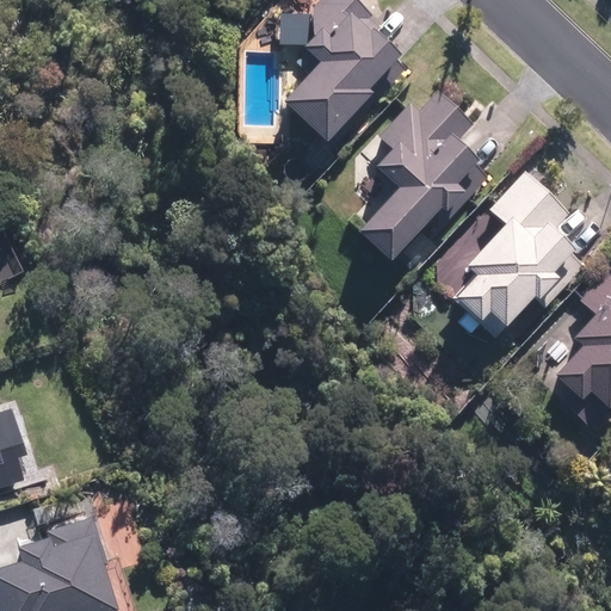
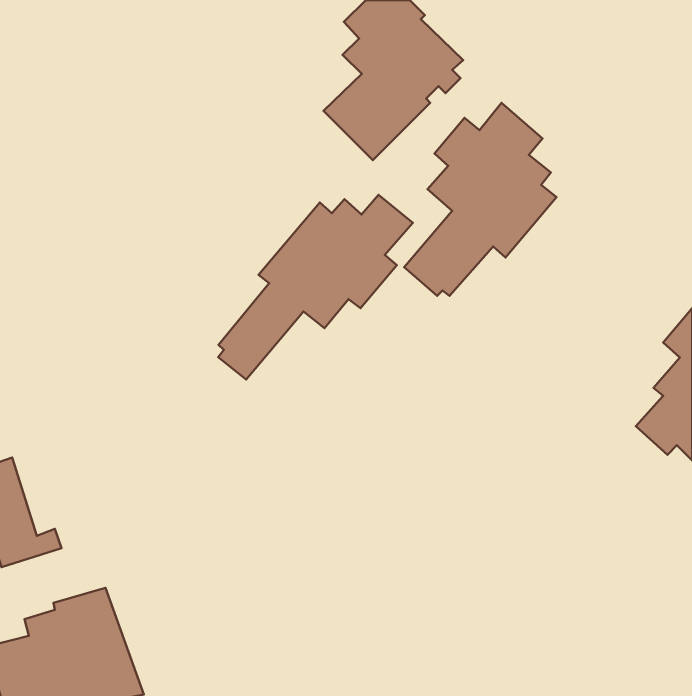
building: [456,171,581,327] -> none
building: none -> [218,195,413,380]

